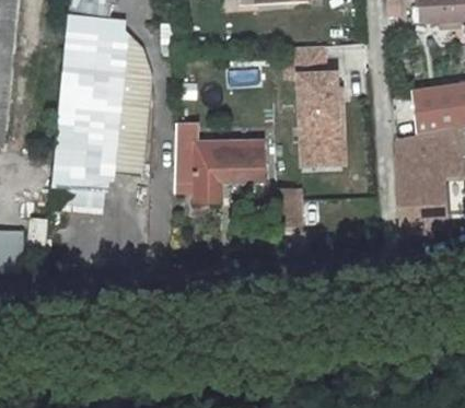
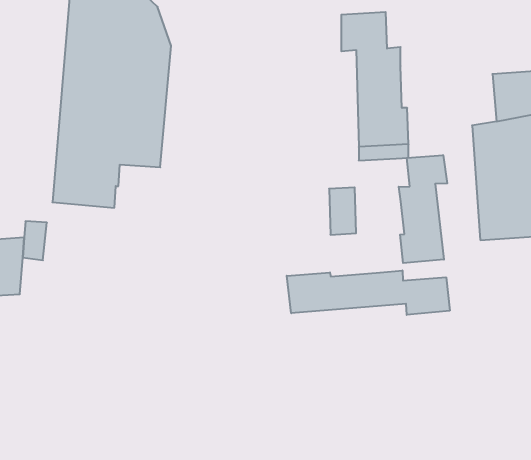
building: [178,120,265,199] -> none
building: none -> [399,155,447,263]
building: none -> [287,270,450,315]

